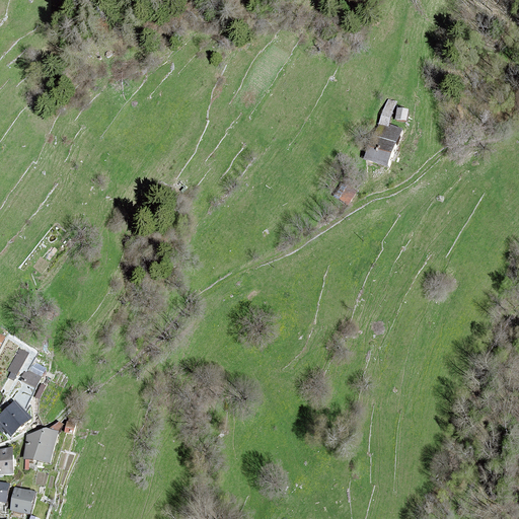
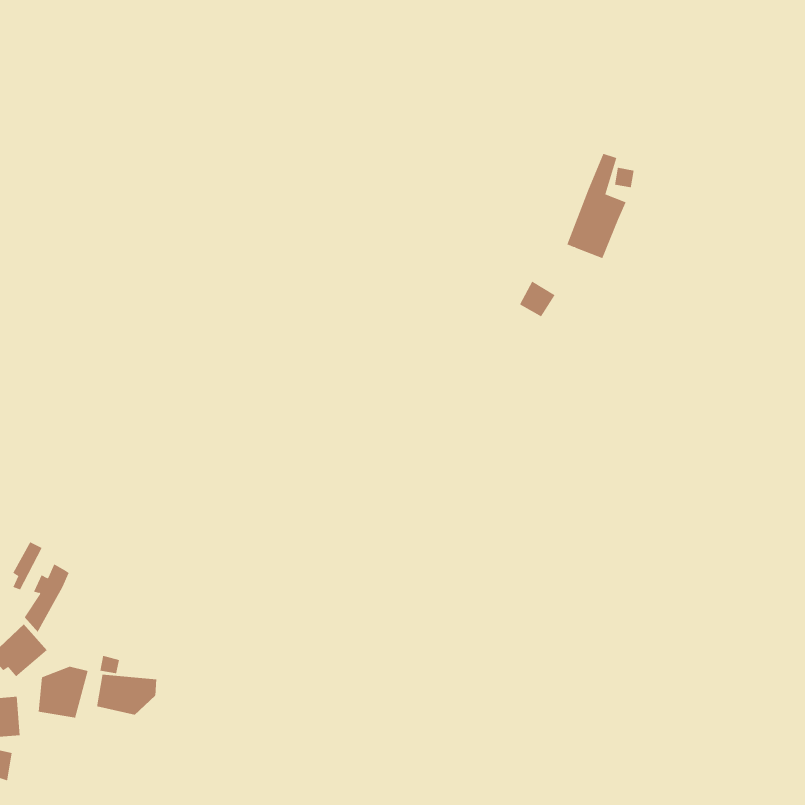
building: none -> [97,674,157,715]
building: [10,488,33,513] -> none

